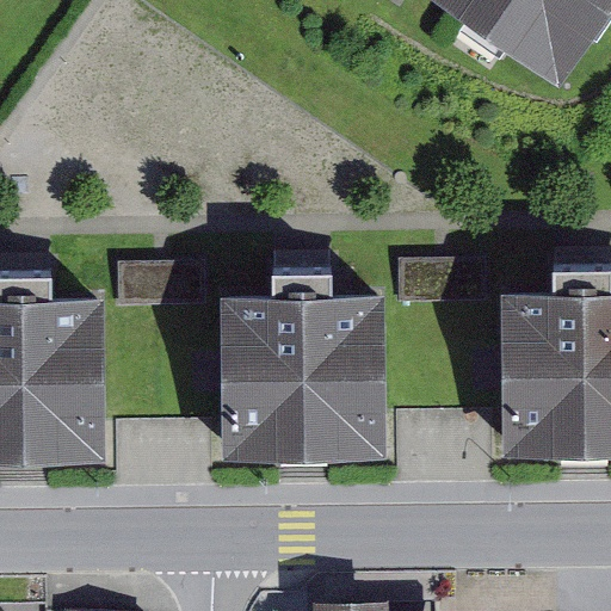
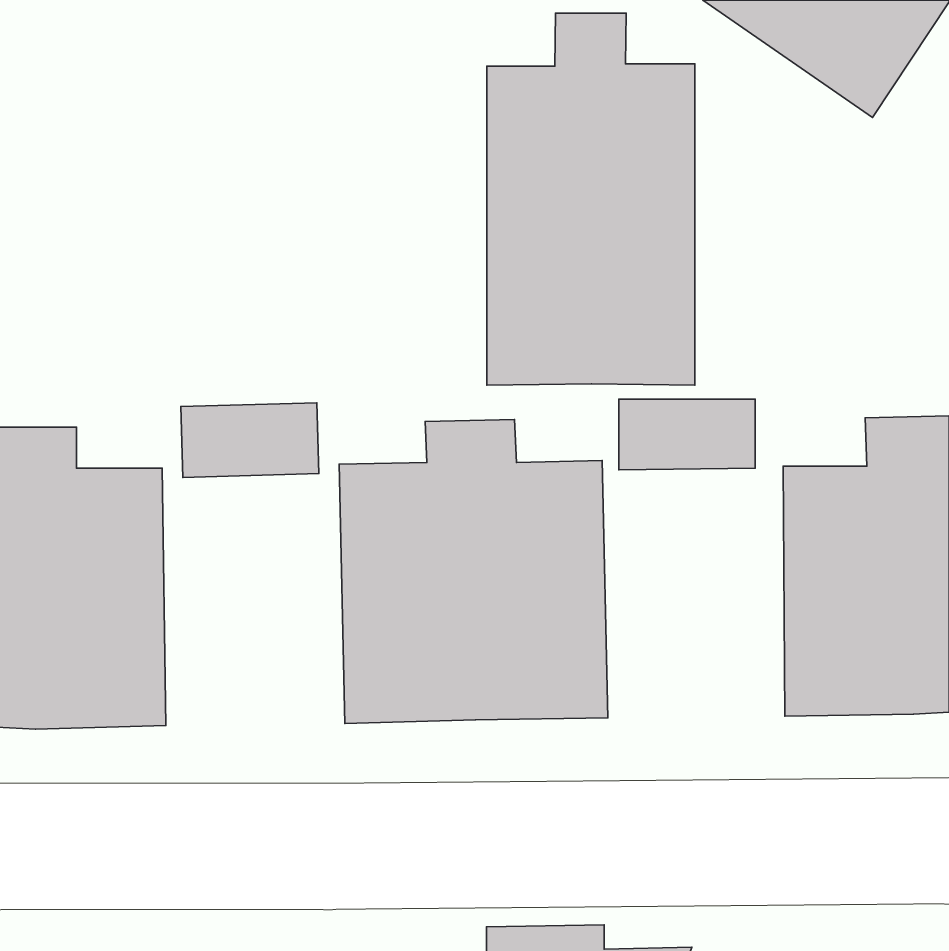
building: none -> [487,13,695,385]

